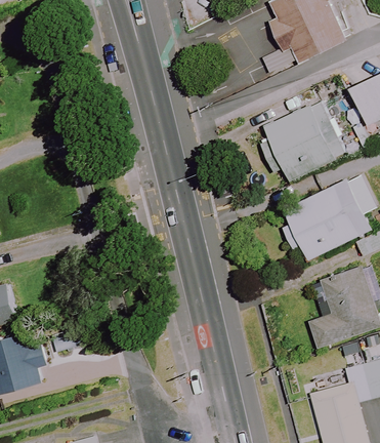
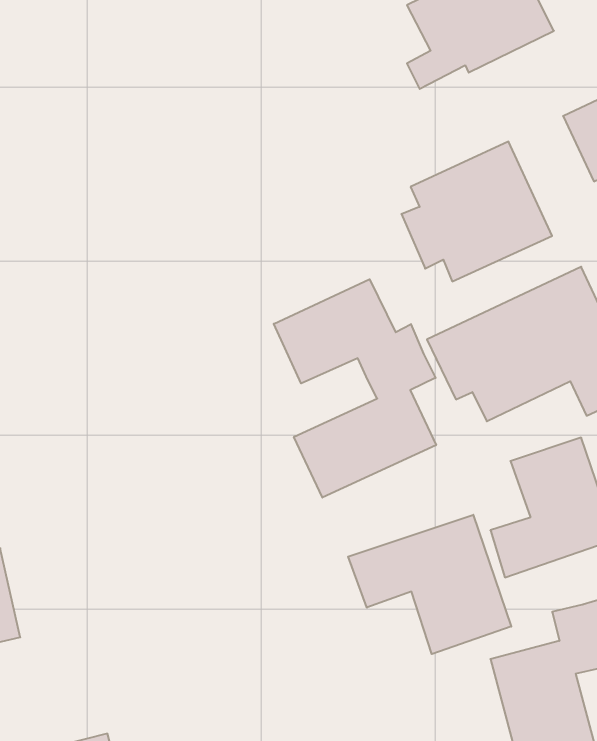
building: none -> [274,279,436,498]
building: none -> [348,515,511,654]

